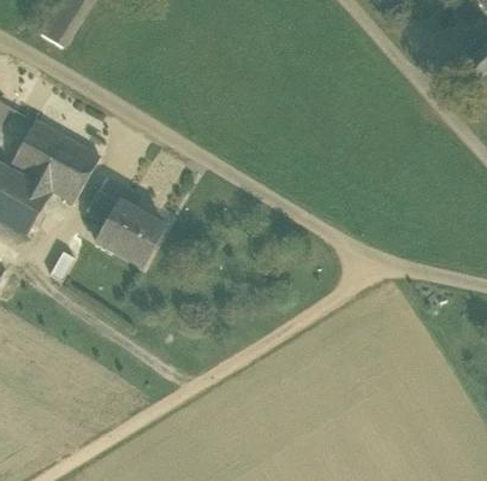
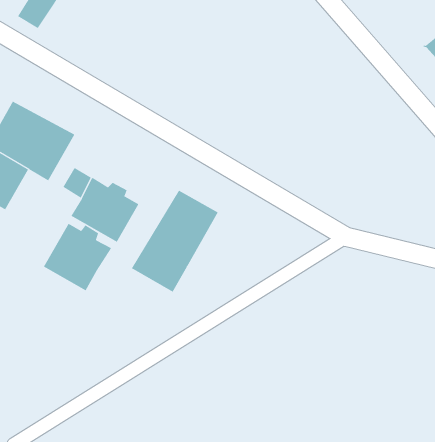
building: none -> [131,190,218,292]
building: none -> [43,223,112,291]

